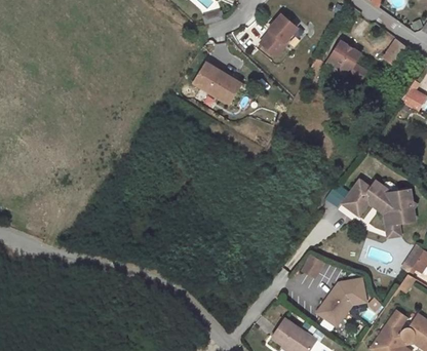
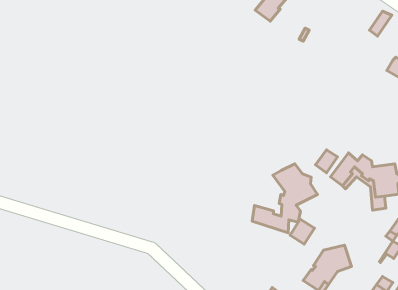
building: [328,41,365,80] -> none
building: [191,62,238,102] -> none
building: none -> [252,164,317,233]

